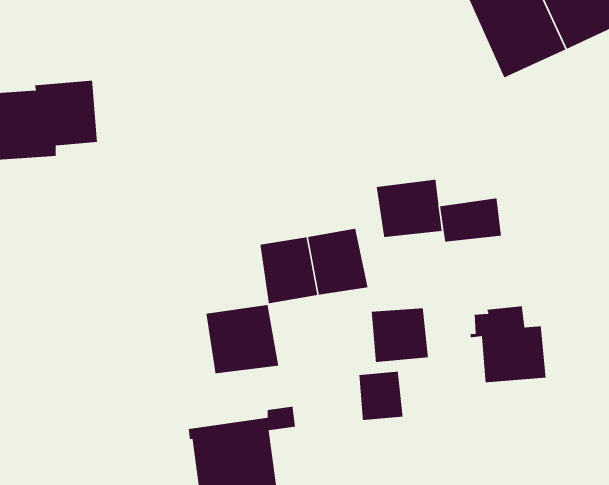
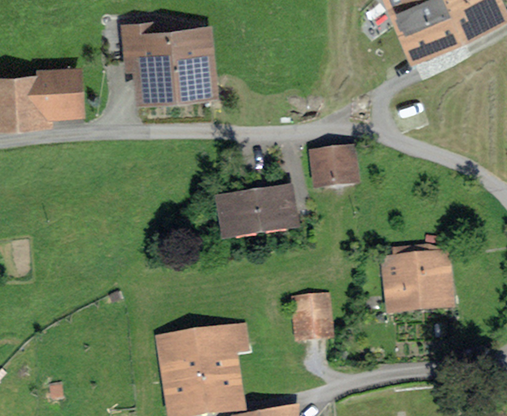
building: none -> [120,19,219,106]
building: [439,198,502,242] -> none
building: [205,304,279,374] -> none
building: [371,308,429,363] -> none

